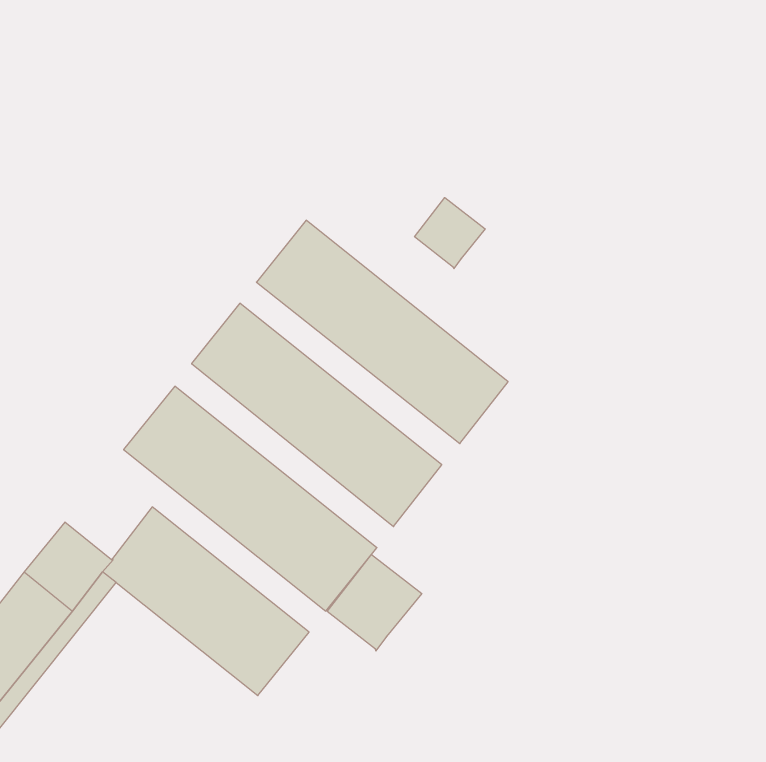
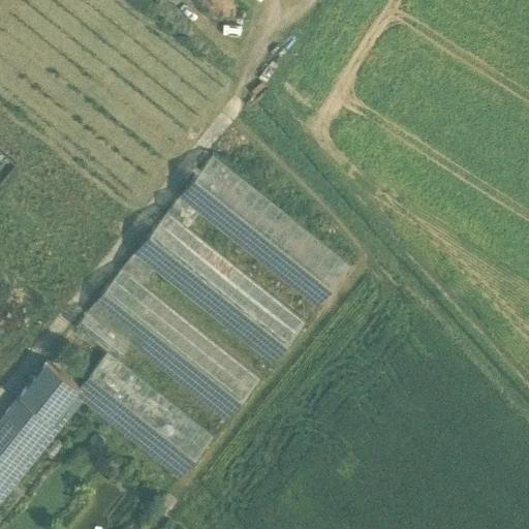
building: [415,198,485,269] -> none
building: [327,554,422,651] -> none

